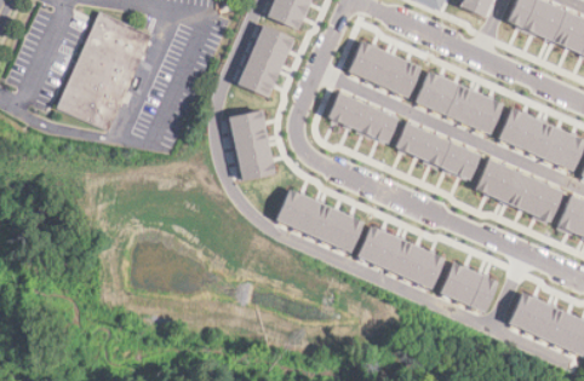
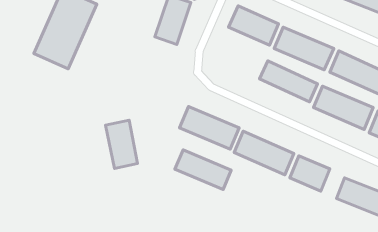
building: [326,91,399,145] -> none
building: [228,109,275,180] -> [105,120,137,169]
building: none -> [175,150,231,190]

